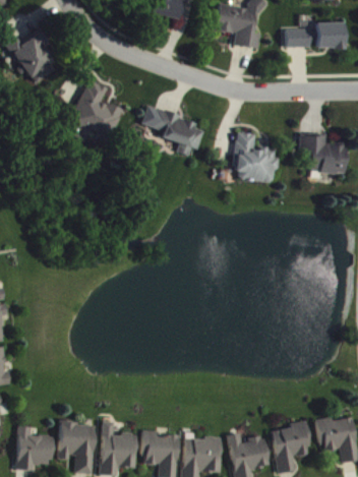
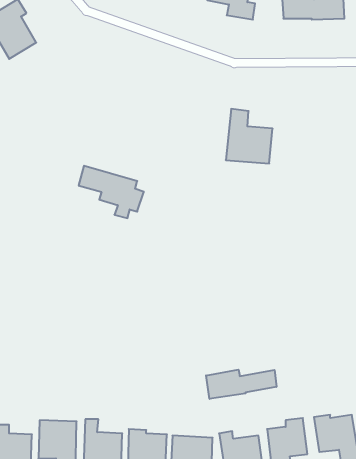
building: [67,78,122,139] -> none
building: [142,106,203,155] -> [79,166,144,218]
building: [304,135,345,177] -> none
building: none -> [206,370,276,399]

